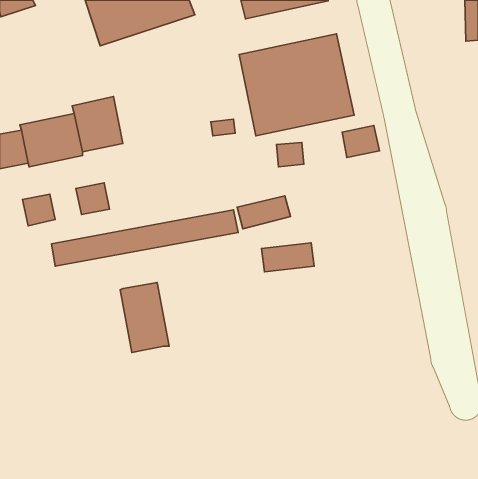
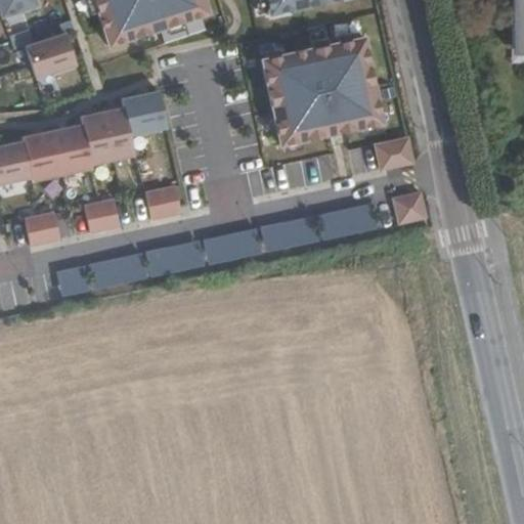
building: none -> [26,34,77,80]
building: none -> [122,90,169,136]
building: none -> [144,186,181,221]
building: none -> [391,191,427,225]
building: [262,243,314,272] -> [316,204,374,235]
building: [120,283,169,352] -> none

